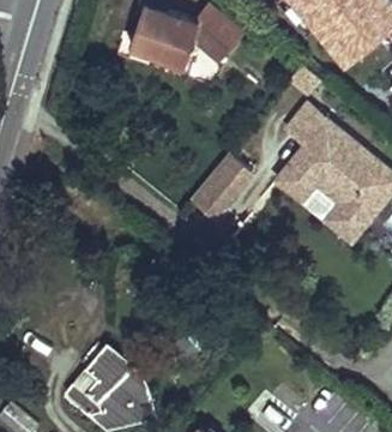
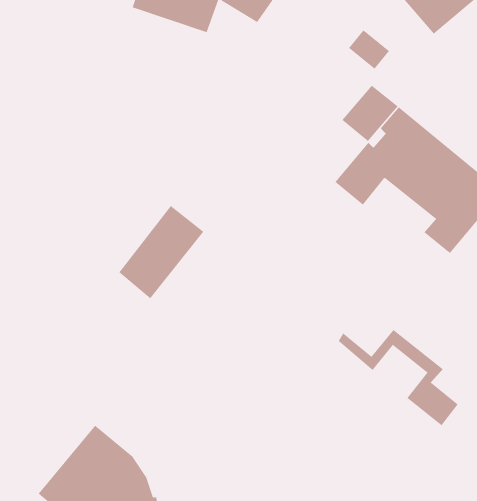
building: [193,150,254,217] -> [119,205,204,299]
building: [275,170,361,240] -> [338,329,458,426]

